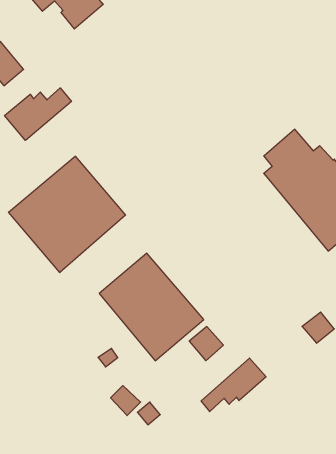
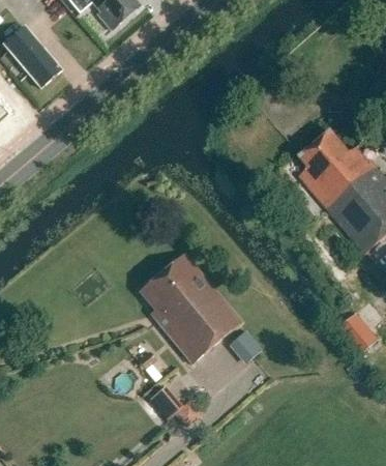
building: [5,88,71,140] -> none
building: [9,156,126,273] -> none
building: [201,358,266,412] -> none

